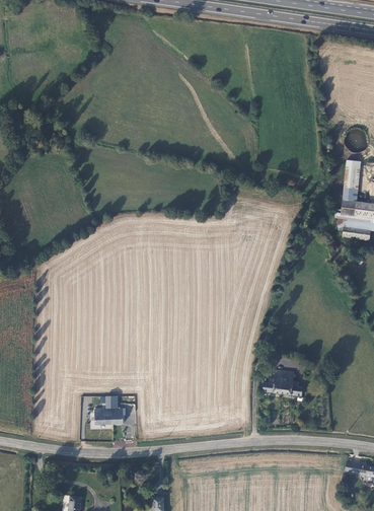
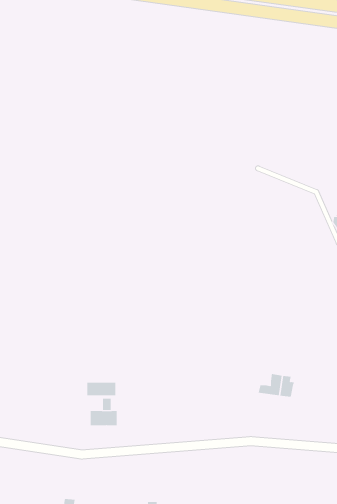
building: none -> [87,382,116,396]

